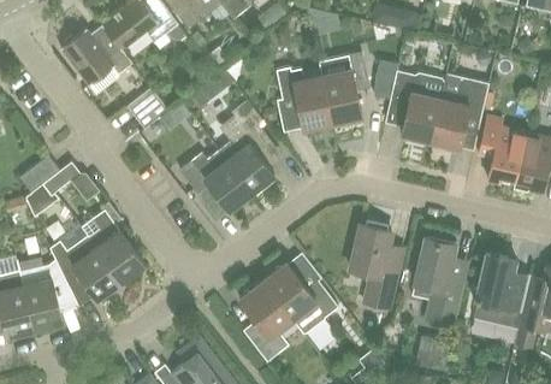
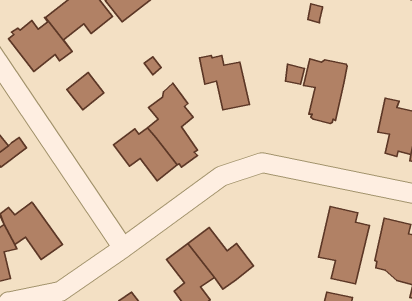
building: [319,53,368,124] -> none
building: [431,75,488,153] -> none
building: [88,209,146,283] -> none
building: [350,225,403,309] -> none

